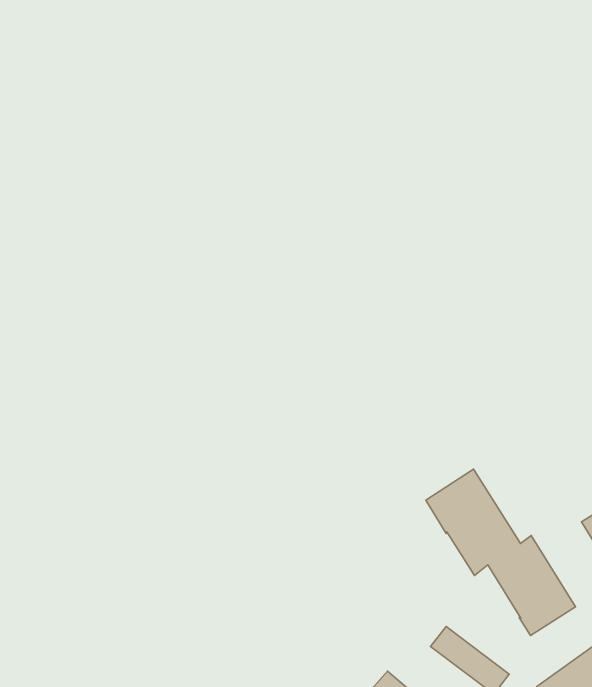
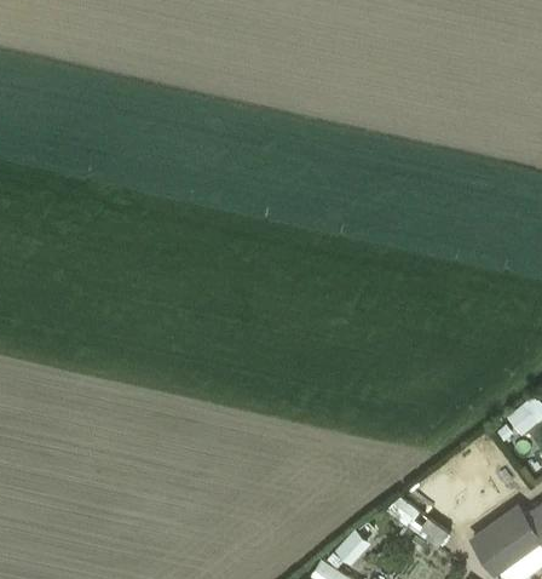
building: [426,469,575,635] -> none

